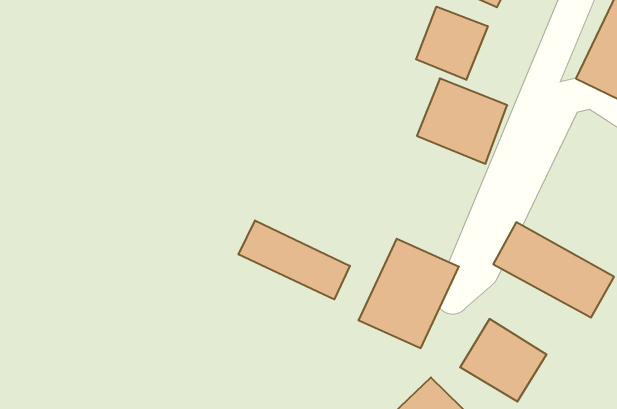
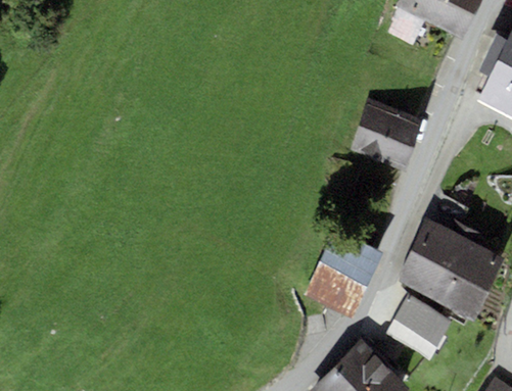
building: [416,7,488,80] -> none
building: [239,220,350,299] -> none
building: none -> [394,249,490,322]

